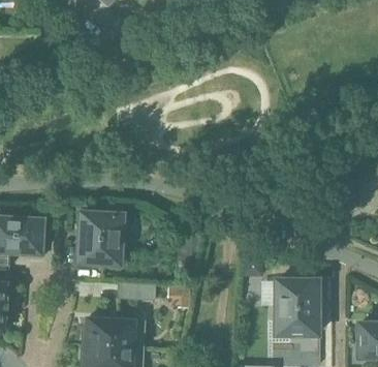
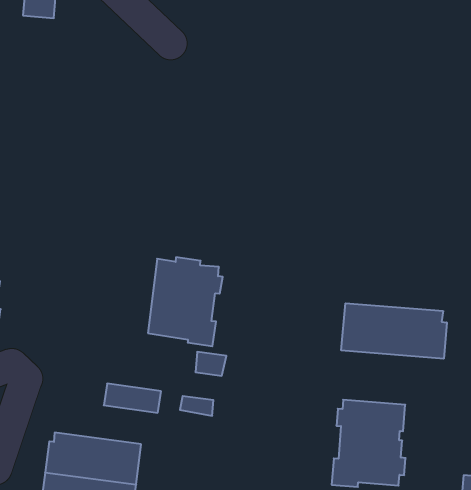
building: [78,211,125,268] -> [148,257,223,346]
building: none -> [341,303,447,359]

